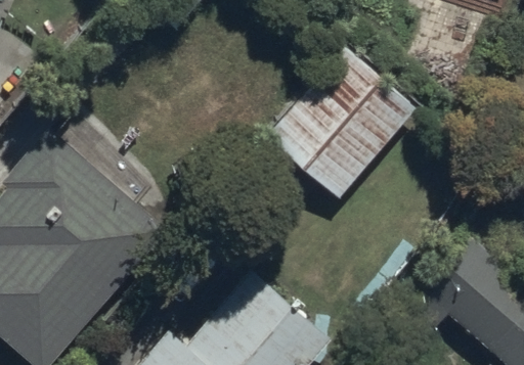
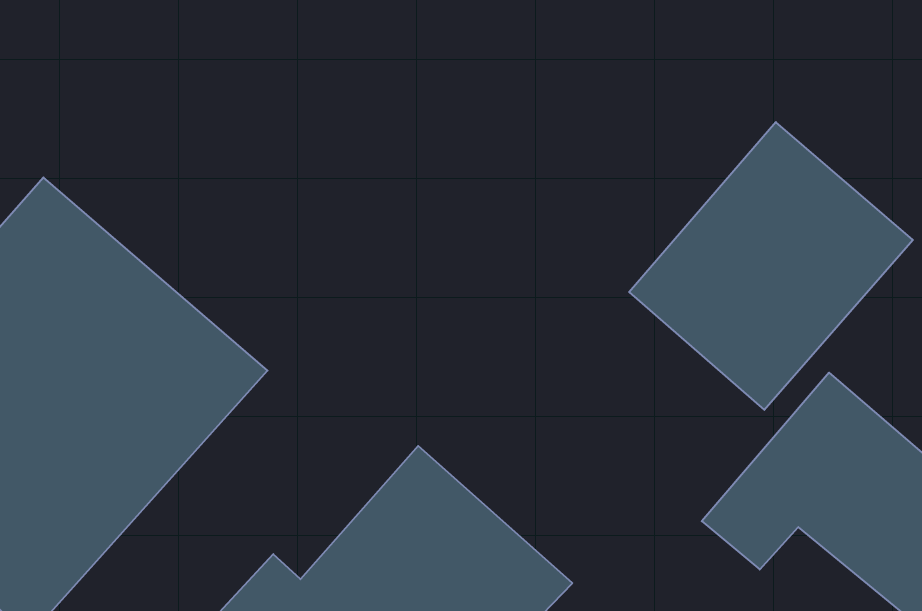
building: [266,45,417,197] -> [629,122,913,410]

